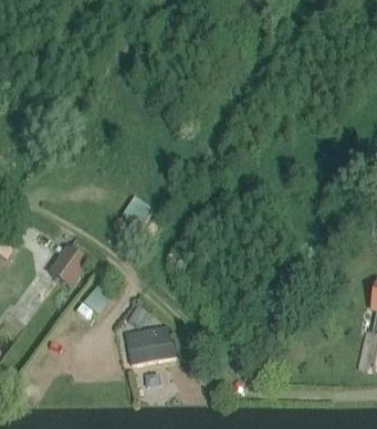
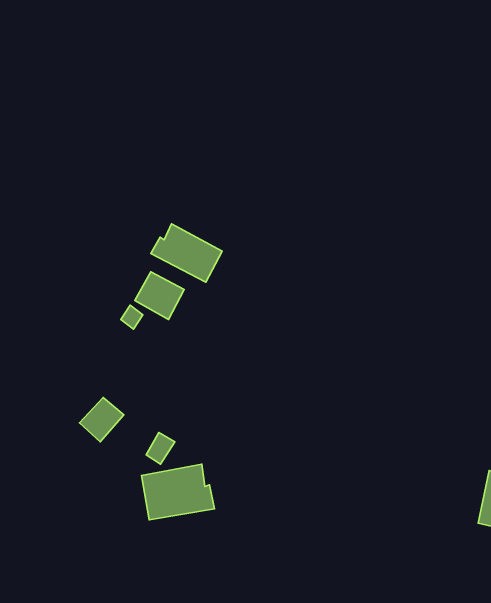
building: none -> [151,224,222,282]
building: [45,244,87,287] -> none

